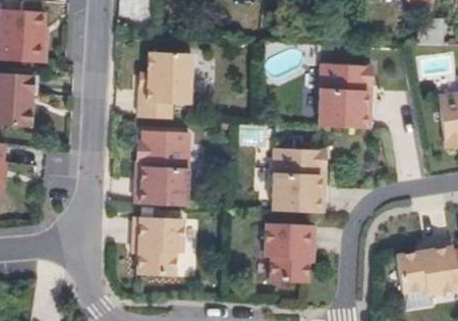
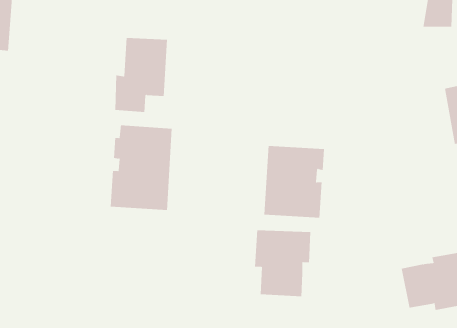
building: [319,64,373,129] -> none
building: [132,216,183,275] -> none

